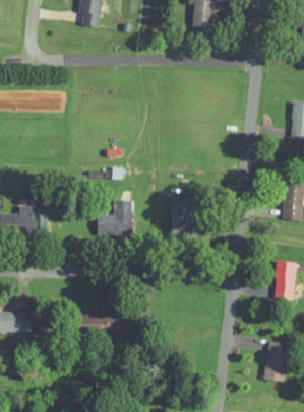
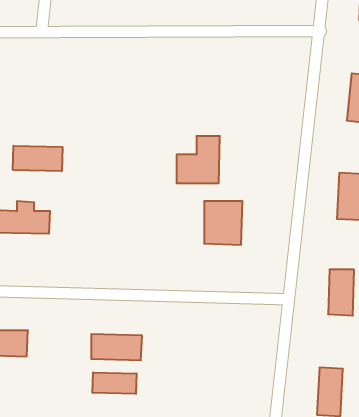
building: none -> [13,146,62,171]
building: [98,198,133,236] -> [177,136,220,183]
building: none -> [93,372,137,394]

